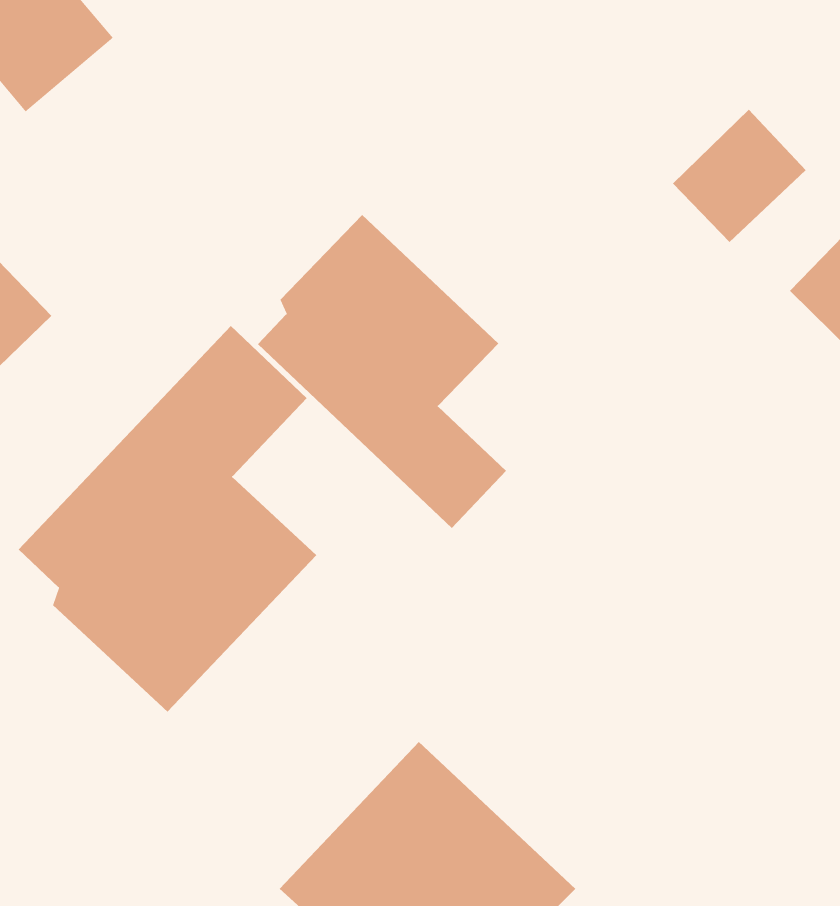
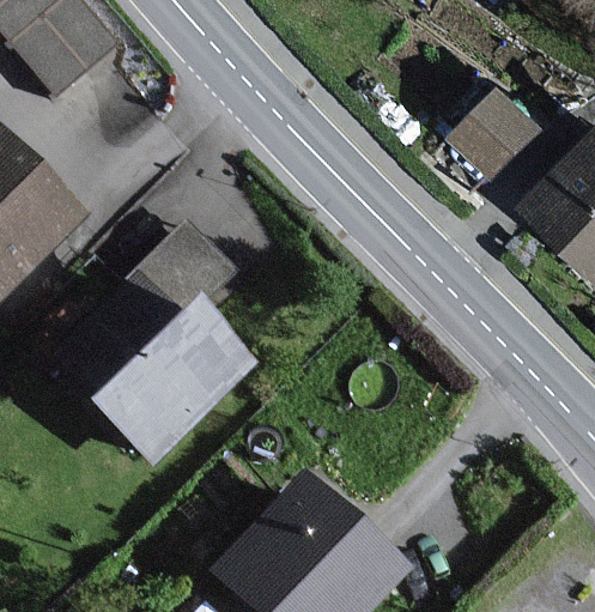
building: [257,214,507,529] -> none

